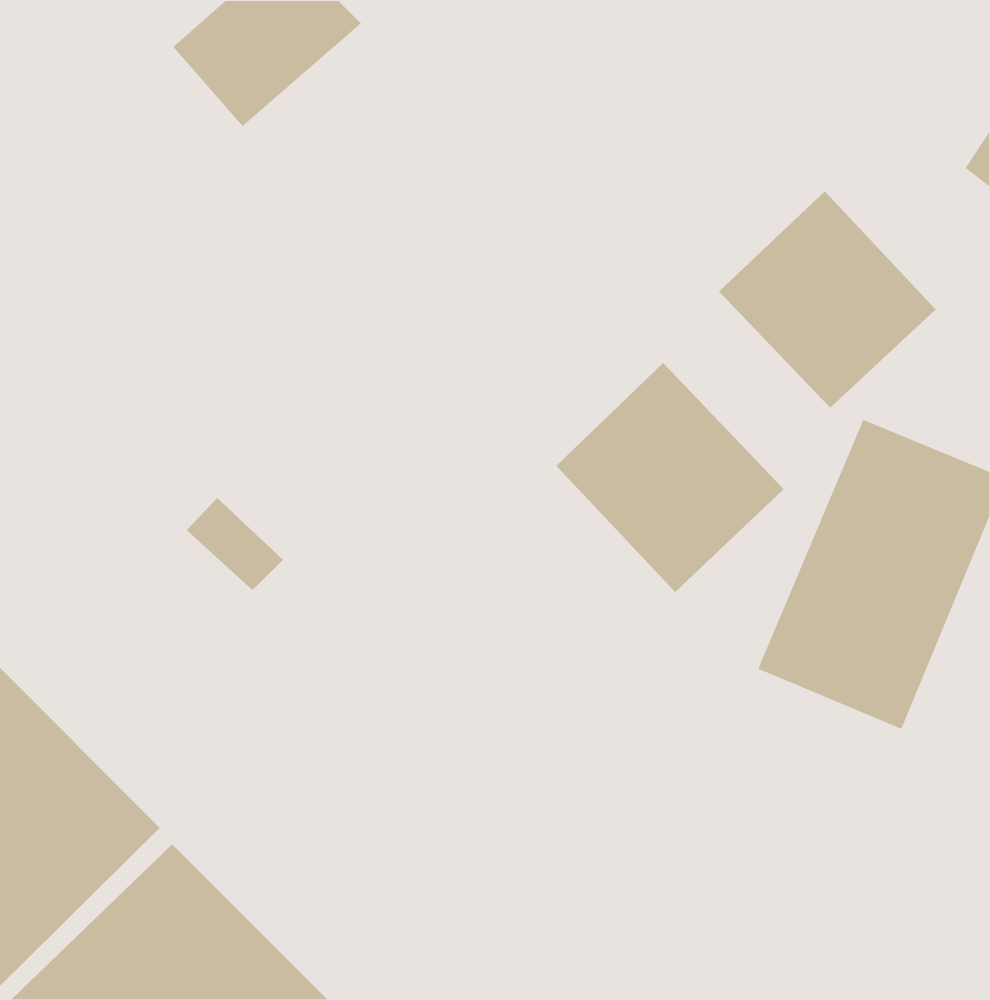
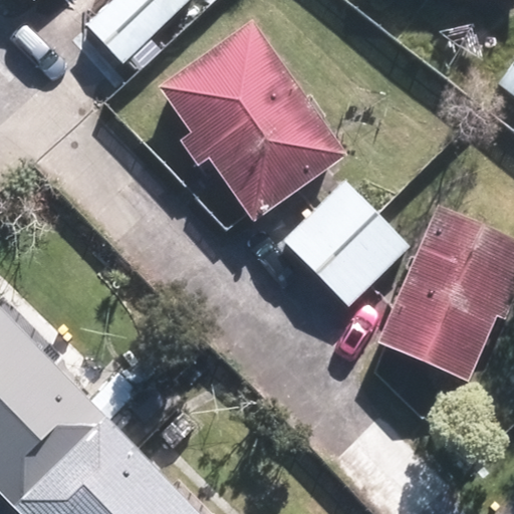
building: none -> [173,28,347,213]
building: [718,191,936,409] -> none

